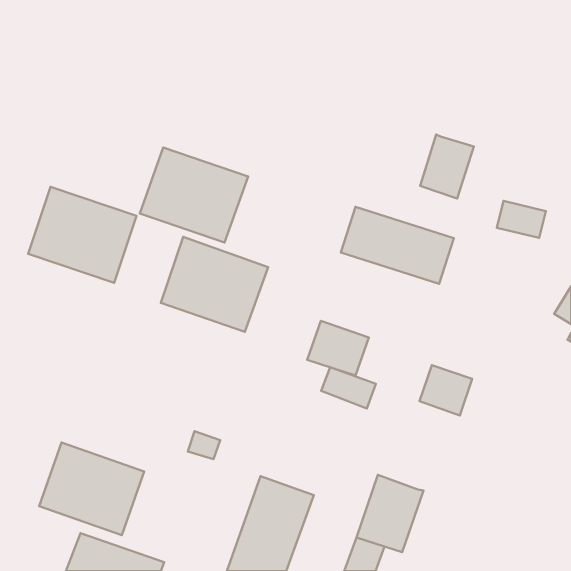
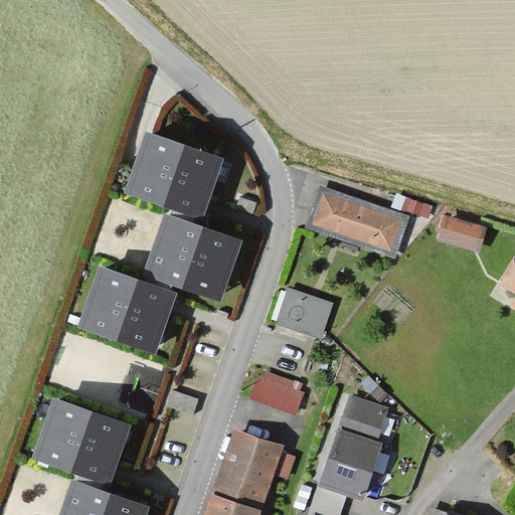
building: [420,134,474,199] -> none
building: [28,187,137,283] -> [79,266,177,352]
building: [497,201,546,238] -> [441,217,485,250]
building: [420,365,472,416] -> [340,395,387,441]
building: [321,367,376,409] -> [251,376,301,413]

